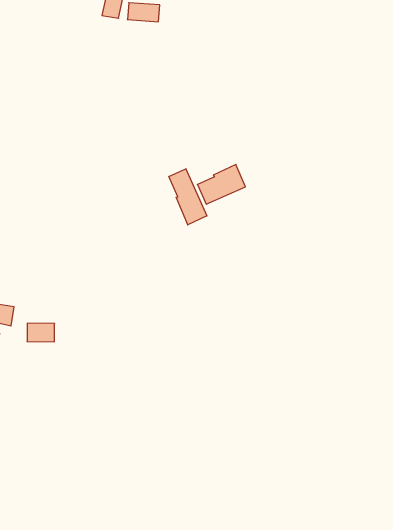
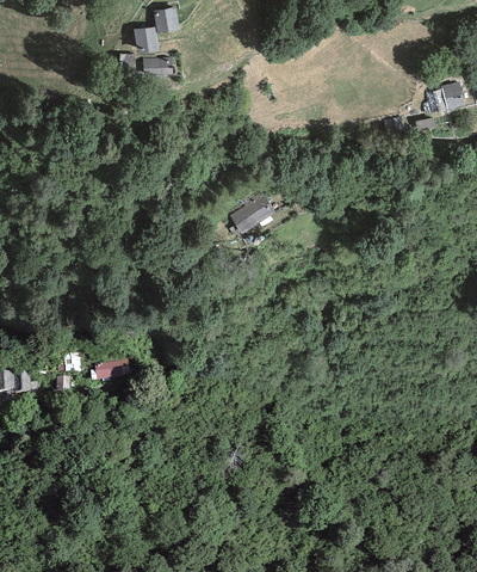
building: [169,169,207,225] -> none

